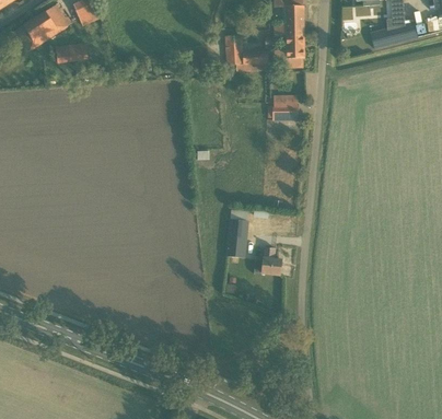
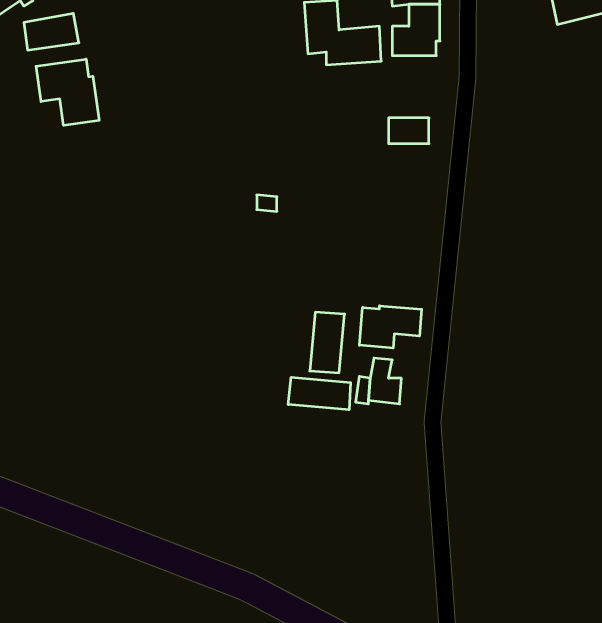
building: none -> [36,59,99,125]
building: none -> [359,306,422,348]
building: none -> [288,377,351,410]

